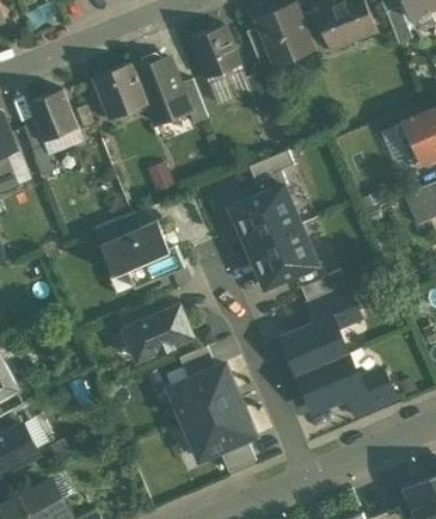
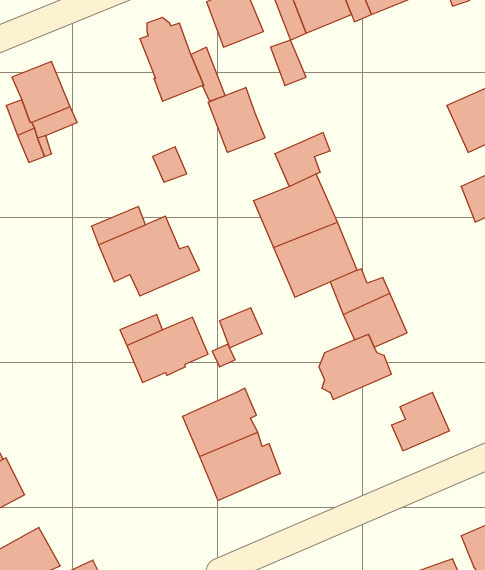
building: [94,63,149,119] -> none
building: none -> [208,87,265,152]
building: [182,347,217,381] -> [220,308,262,348]
building: [299,353,360,407] -> none
building: [221,439,258,474] -> none

